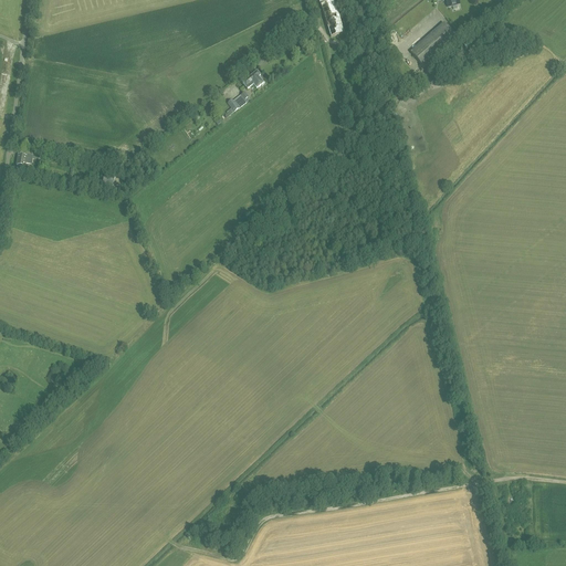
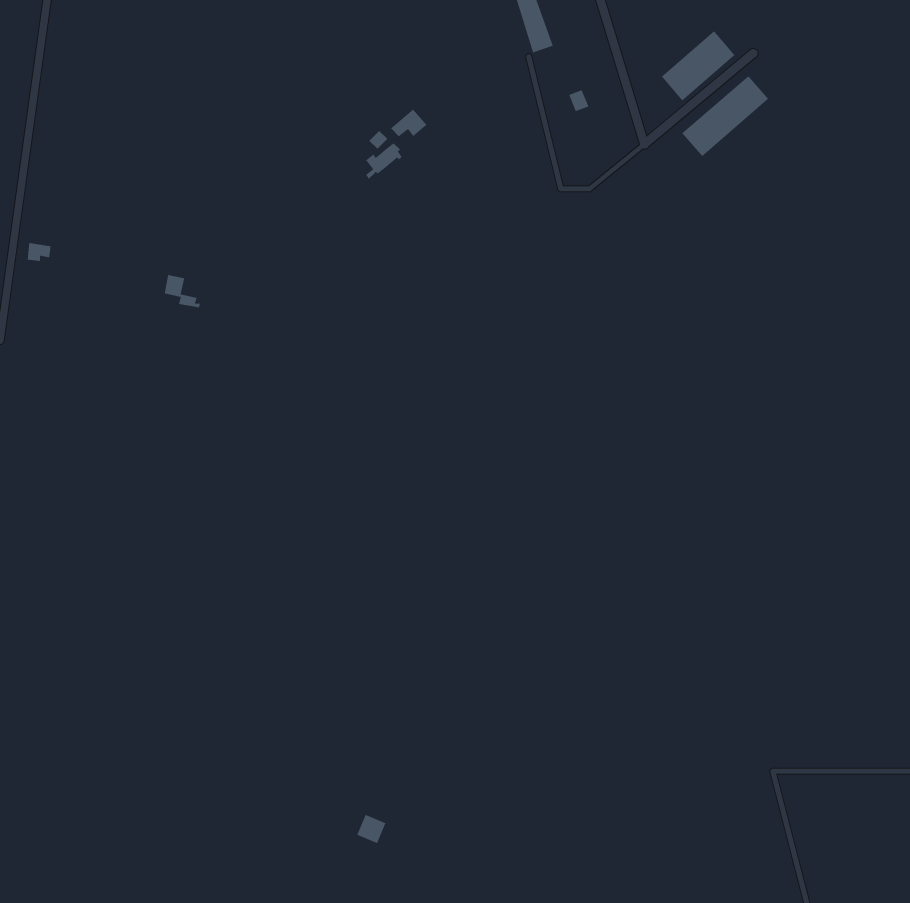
building: none -> [681,75,769,157]

